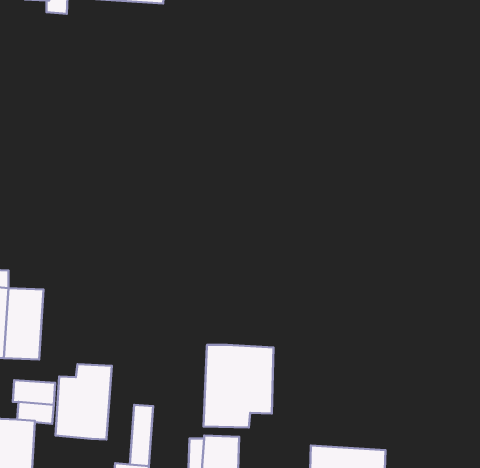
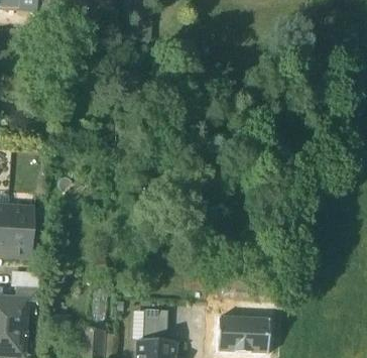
building: [204,345,274,427] -> none
building: [56,364,112,439] -> none

